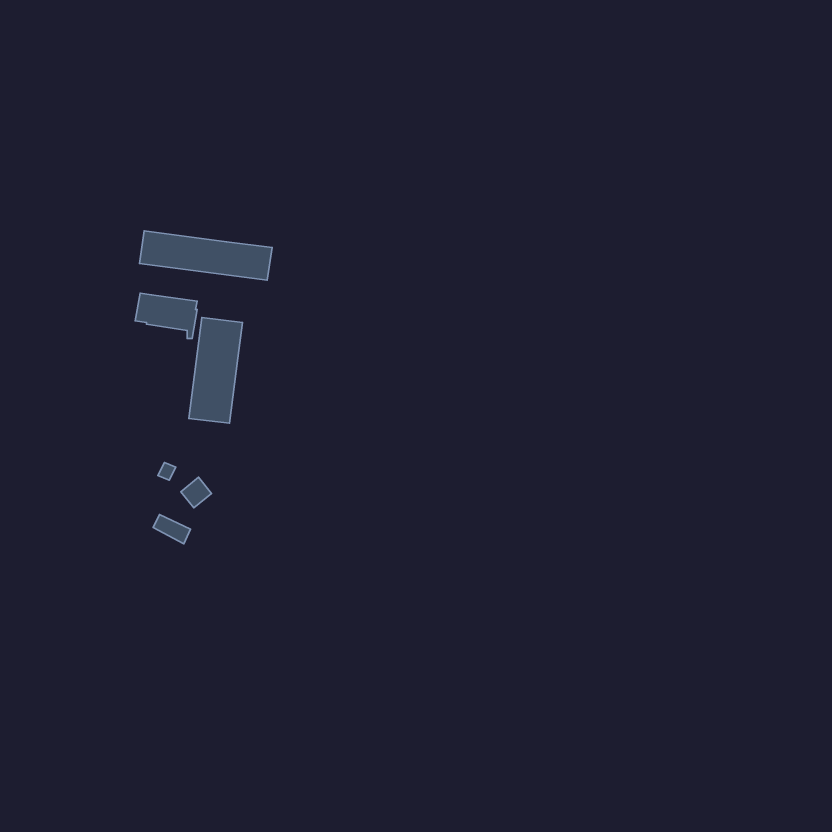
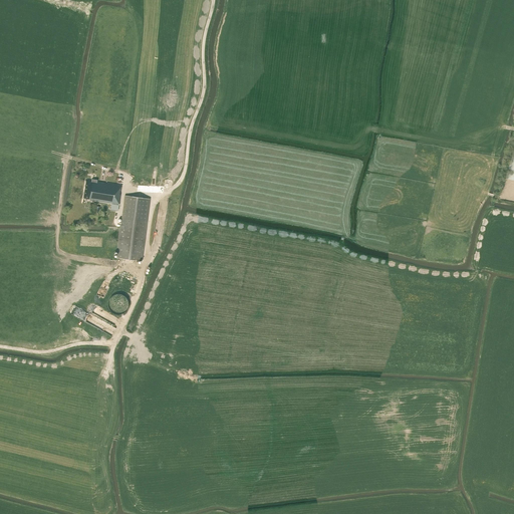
building: [139,231,272,280] -> none

